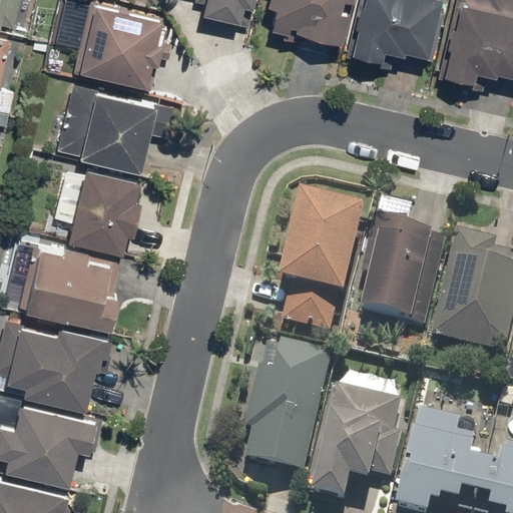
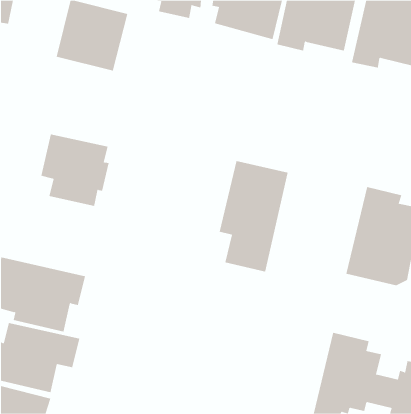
building: [56,84,177,173] -> none
building: [356,217,447,334] -> none
building: [21,238,125,331] -> none
building: [244,339,333,477] -> none
building: [308,387,410,507] -> none

